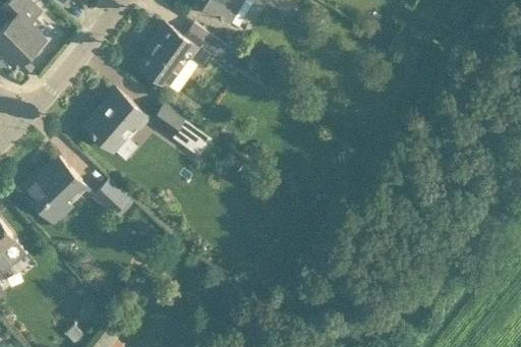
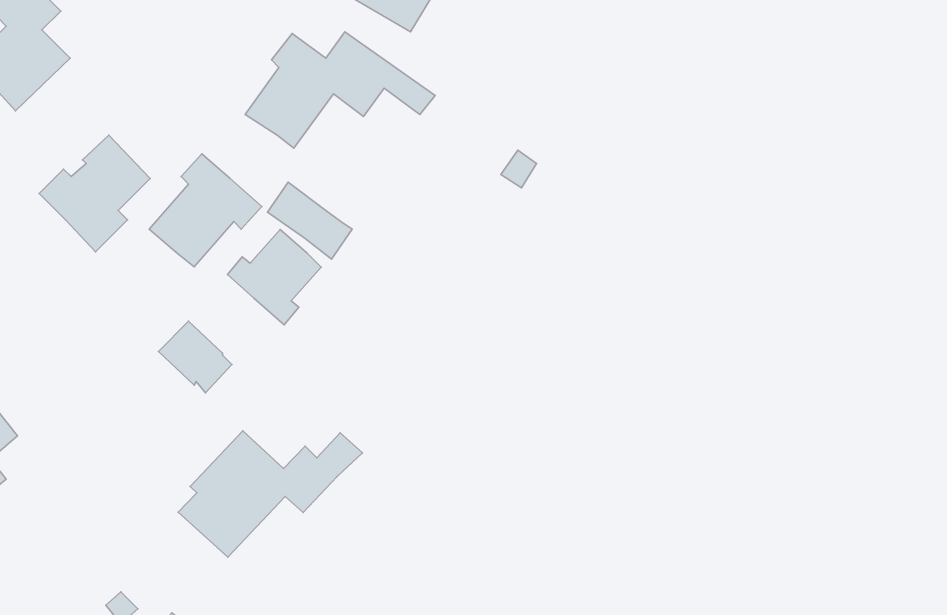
building: none -> [227,229,321,325]
building: [21,159,81,222] -> [39,135,150,252]
building: none -> [178,431,362,557]

